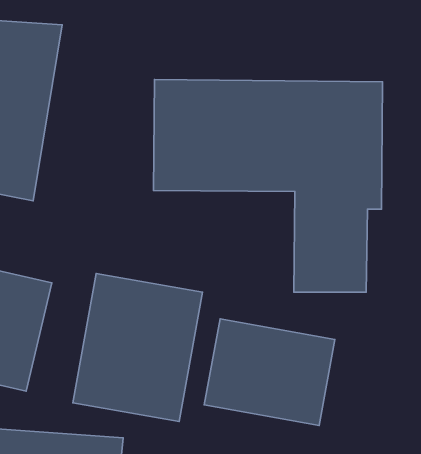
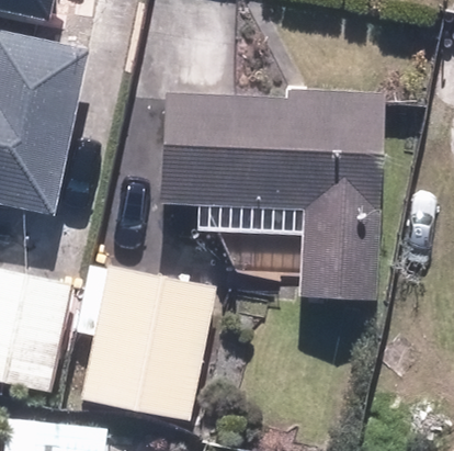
building: [204,319,335,426] -> none

